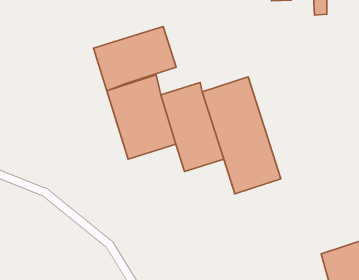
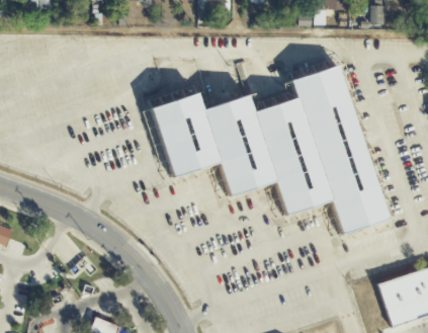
building: [94,26,176,91] -> none
building: none -> [294,67,389,233]

